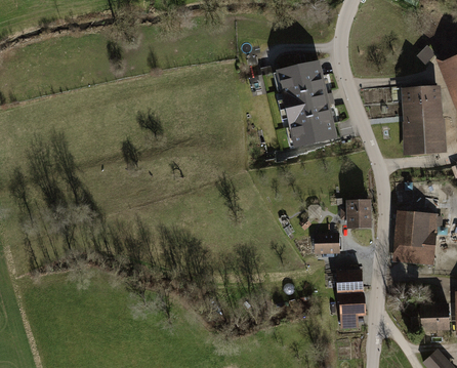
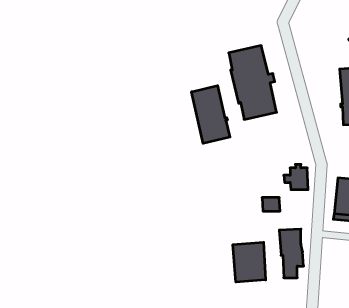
building: none -> [192,86,230,143]
building: none -> [233,242,266,282]

